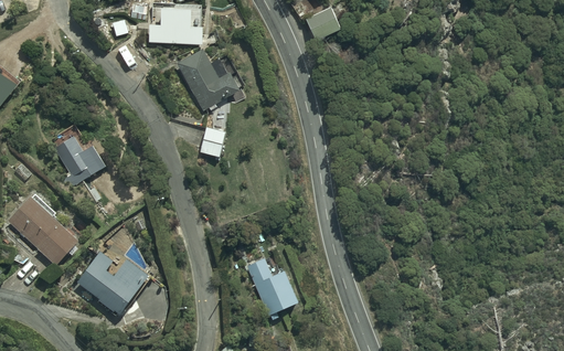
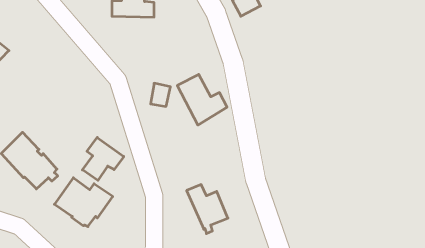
building: [177,46,241,111] -> [177,74,227,125]
building: [54,134,108,181] -> none
building: none -> [82,137,124,180]

